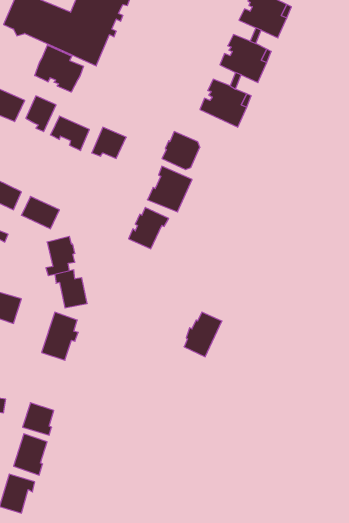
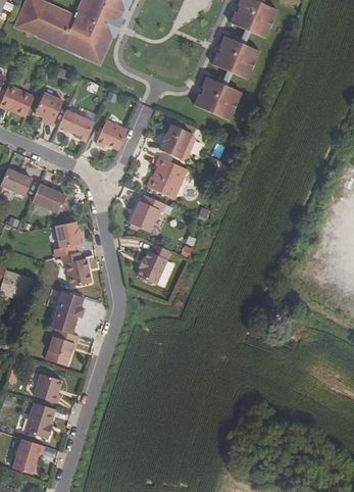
building: [35,45,84,92] -> none
building: [184,312,222,357] -> [137,243,171,284]
building: none -> [44,329,78,365]

